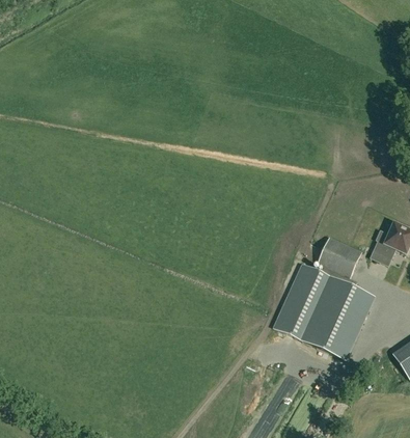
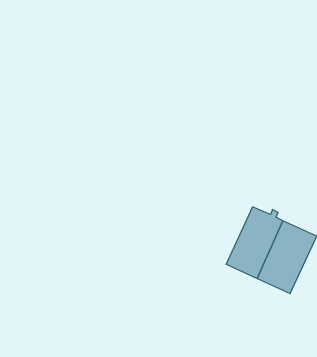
building: [318,237,362,278] -> none

